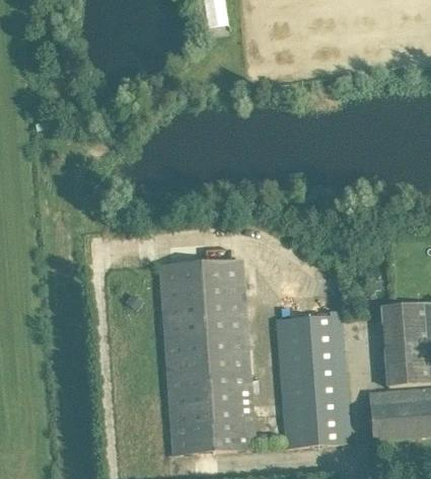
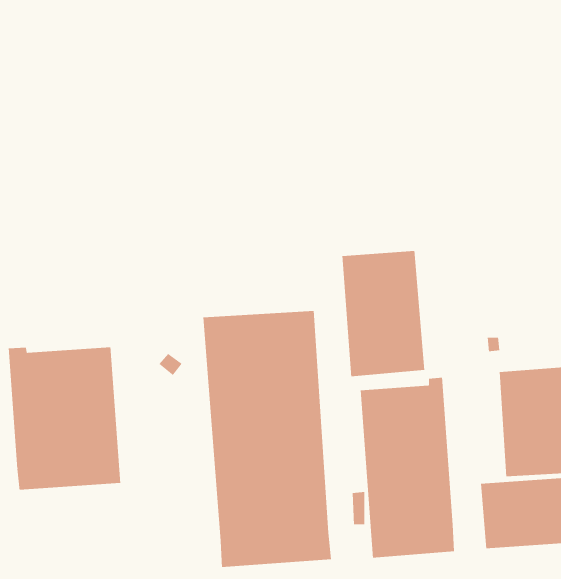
building: none -> [342,250,425,377]
building: none -> [8,347,121,490]

